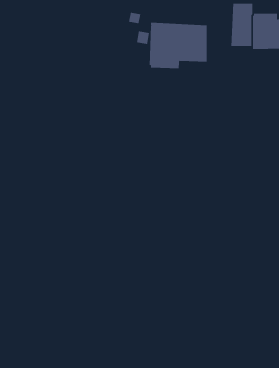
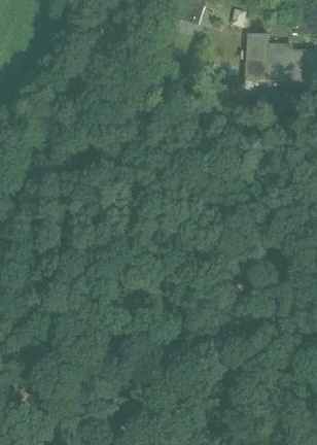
building: [149,22,207,69] -> none

